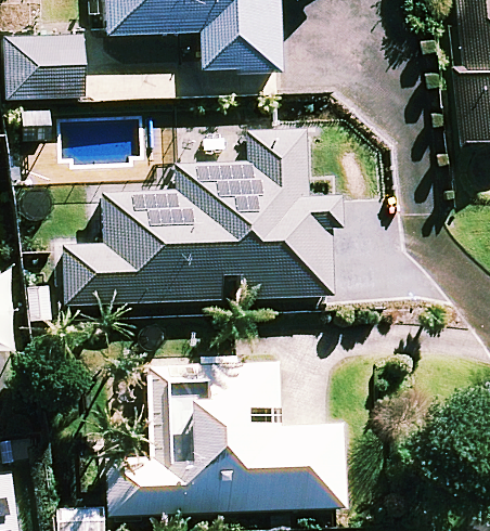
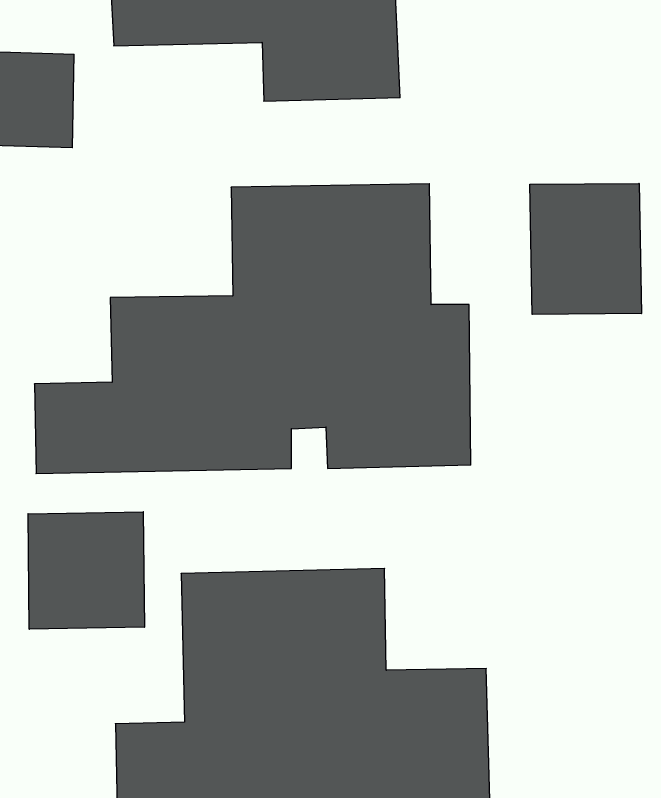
building: none -> [530,183,641,314]
building: none -> [28,512,144,629]

